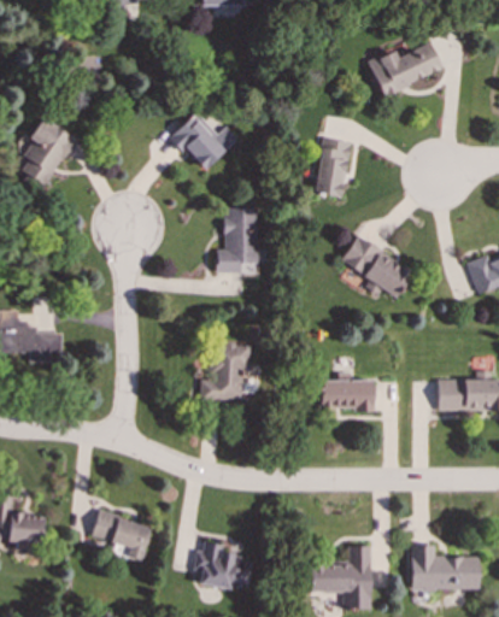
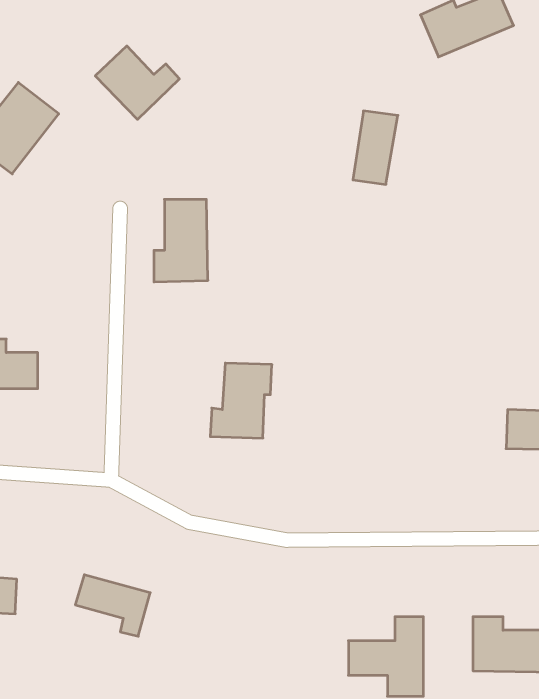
building: [170,112,237,171] -> [95,46,179,119]
building: [216,207,259,274] -> [154,199,208,282]
building: [340,235,412,298] -> none
building: [322,378,375,412] -> none
building: [195,541,252,589] -> none

